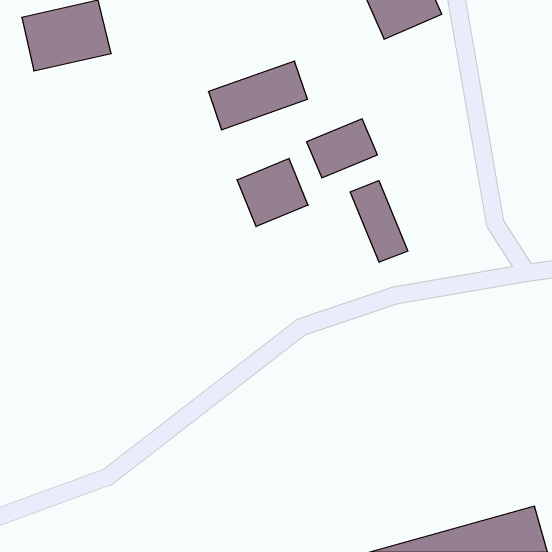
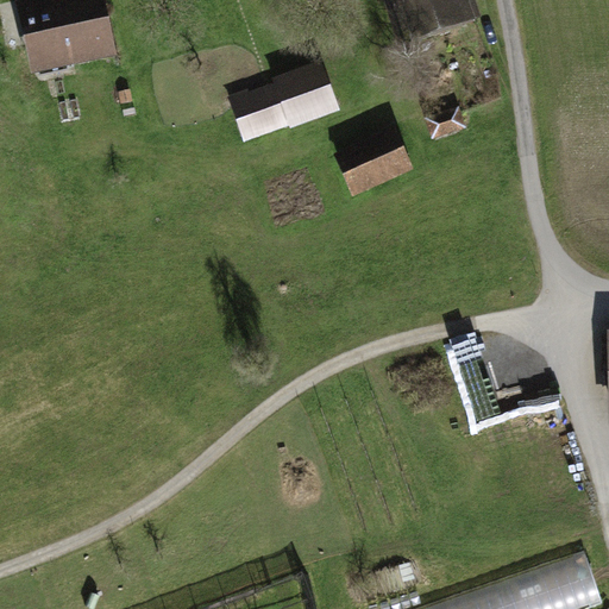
building: [237,158,308,227] -> none
building: [350,181,408,262] -> none

